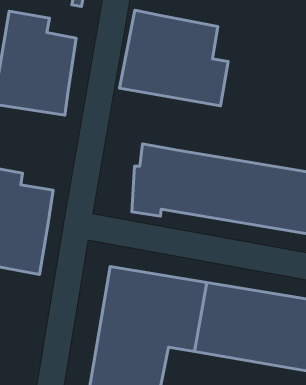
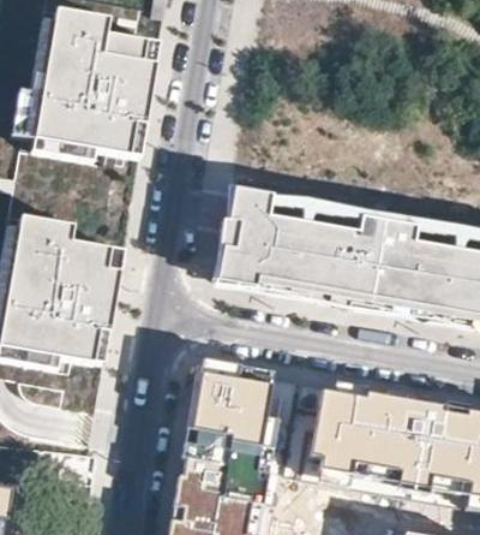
building: [120,10,228,106] -> none

